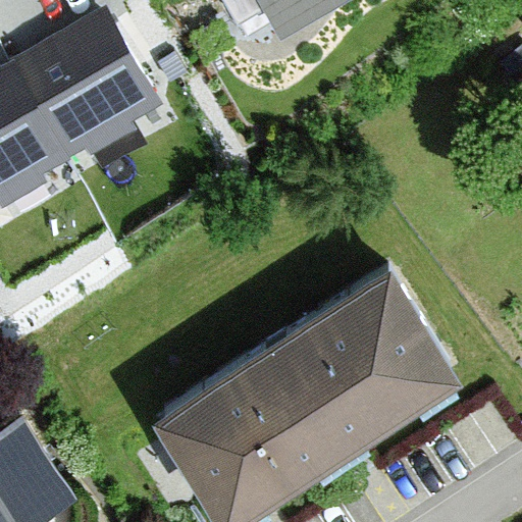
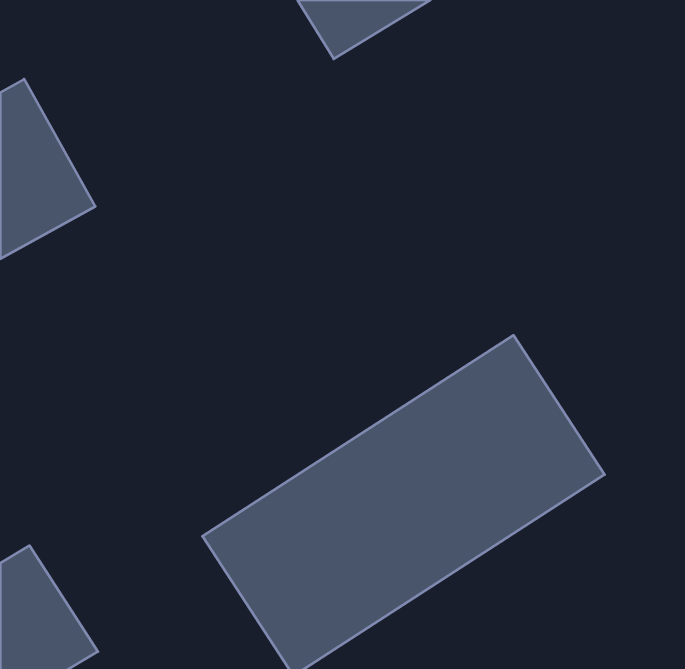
building: [18,21,163,169] -> none

